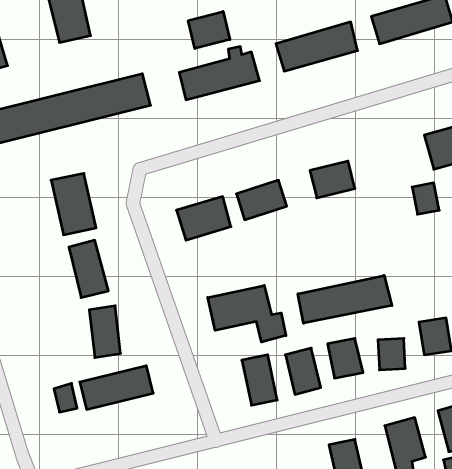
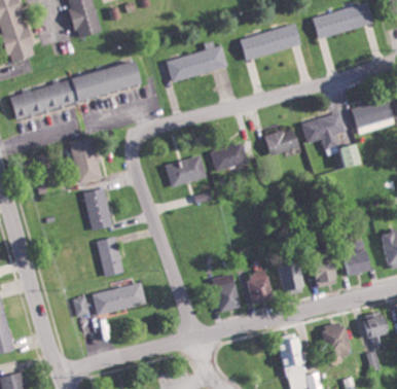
building: [188,11,230,49] -> none
building: none -> [300,113,344,155]
building: [298,275,392,323] -> none
building: [208,285,286,342] -> none

